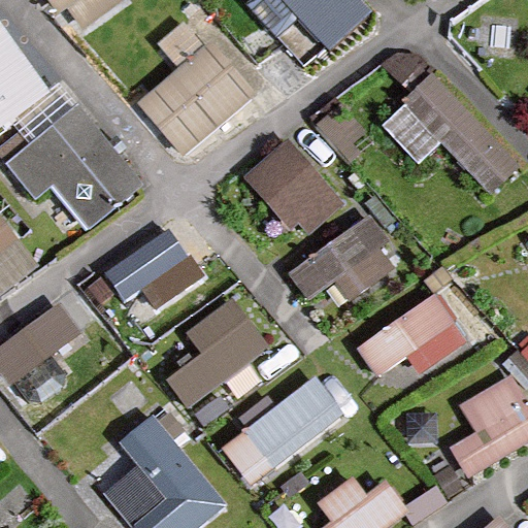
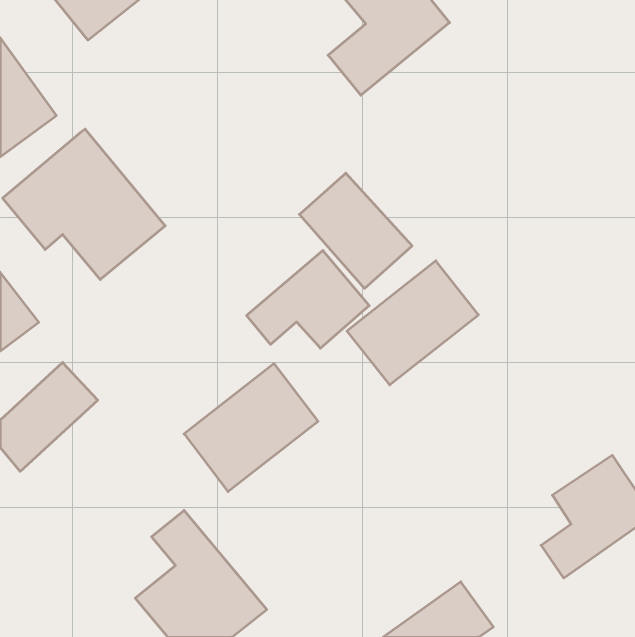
building: [140,45,250,152] -> none
building: [384,77,523,198] -> none
building: [100,226,201,306] -> [247,250,369,348]
building: [358,295,463,391] -> none
building: [226,376,346,489] -> none

